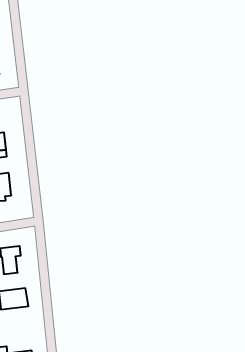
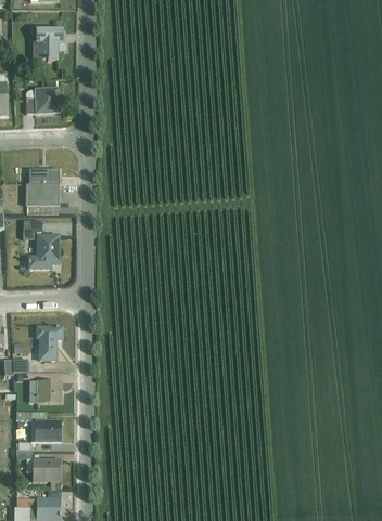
building: none -> [35,418,63,441]

